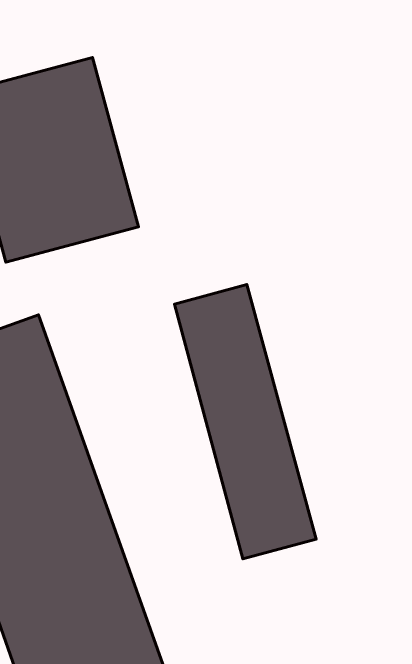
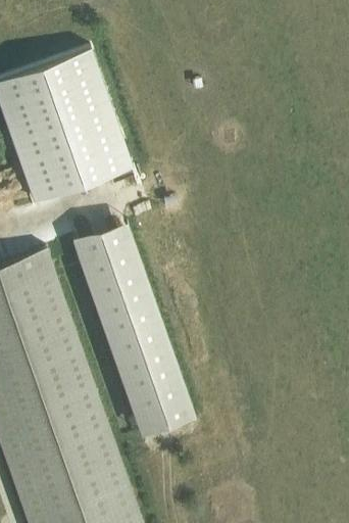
building: [175,284,316,559] -> [74,226,185,439]

